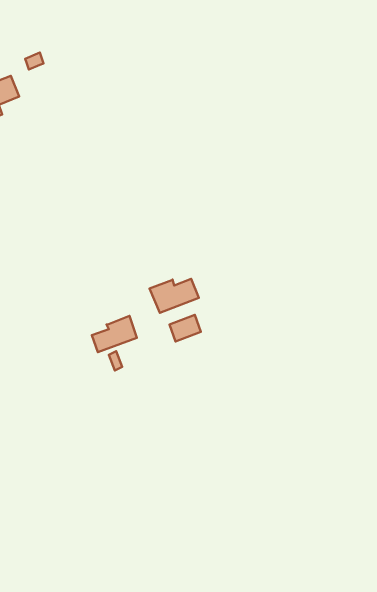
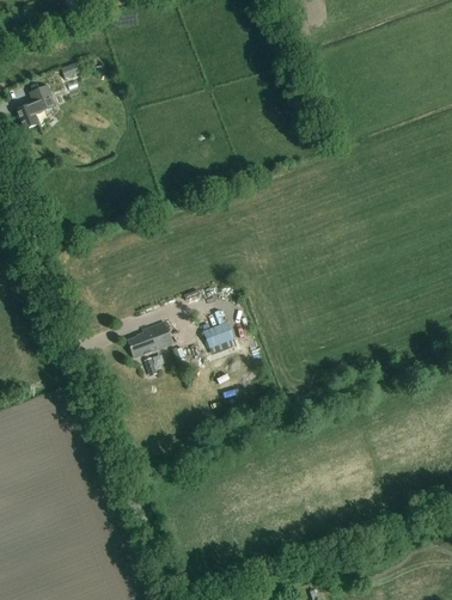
building: [150,279,199,313] -> none

